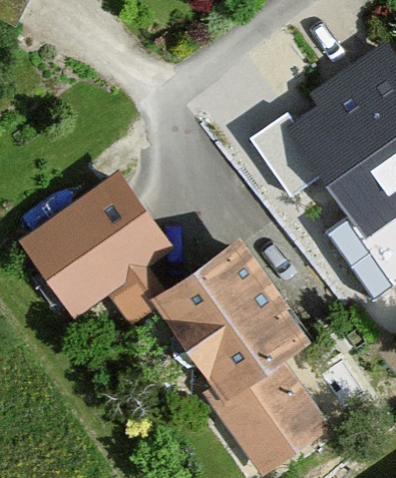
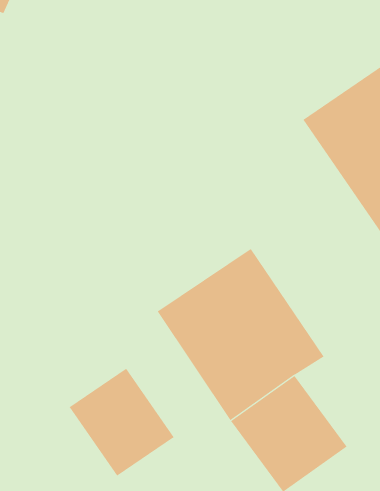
building: [26,172,166,308] -> none
building: none -> [69,368,175,476]

